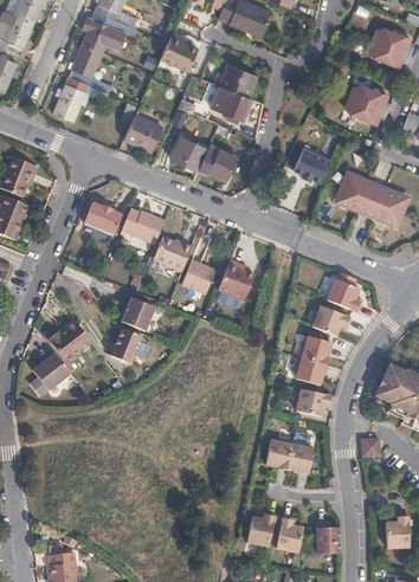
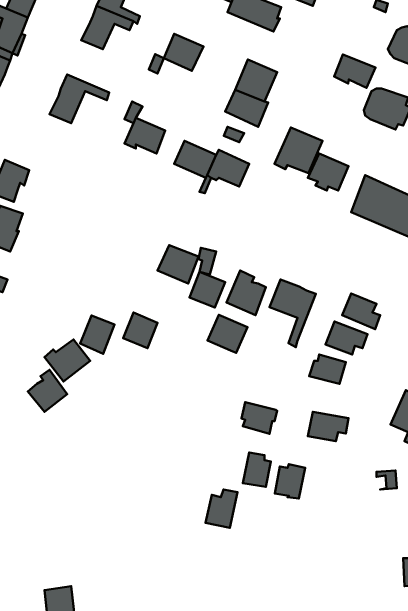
building: [70,43,112,91] -> none
building: none -> [334,54,376,88]
building: none -> [275,127,322,173]
building: [85,201,122,232] -> none
building: [122,206,163,241] -> none
building: none -> [270,279,316,347]
building: none -> [207,315,247,353]
building: [110,326,142,362] -> [80,316,115,354]
building: [291,355,324,384] -> [241,402,277,434]
building: [285,440,311,472] -> [243,453,271,487]
building: [244,511,273,547] -> [206,490,237,528]
building: [273,516,301,552] -> none
building: [314,526,336,558] -> none

